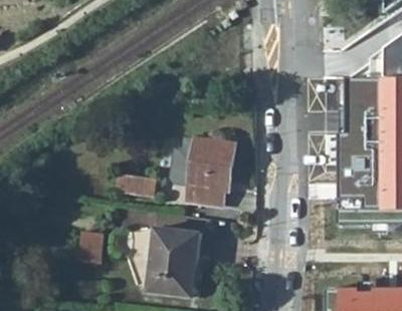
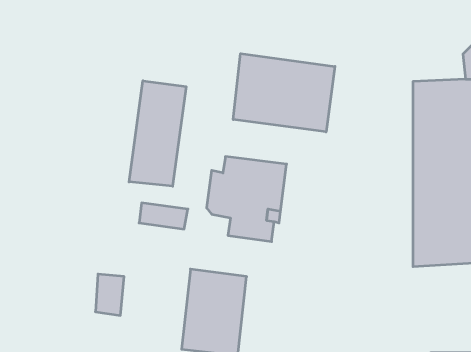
building: none -> [233,54,335,132]
building: none -> [129,81,186,186]

